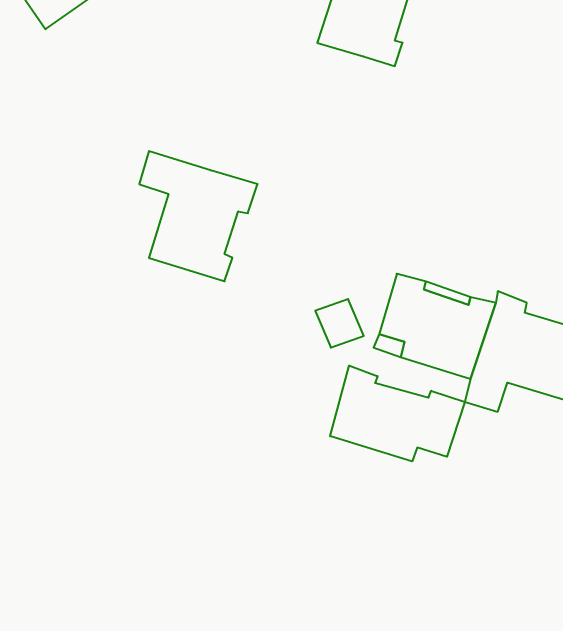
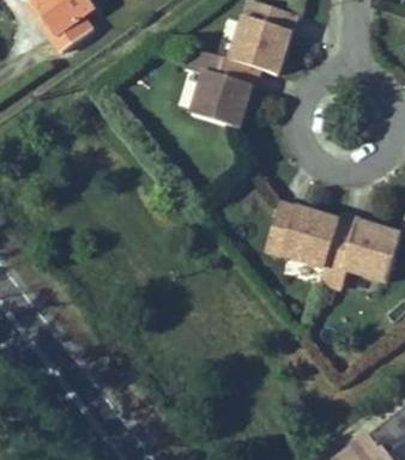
building: [139,151,258,281] -> [186,47,259,127]
building: [330,366,465,461] -> none

